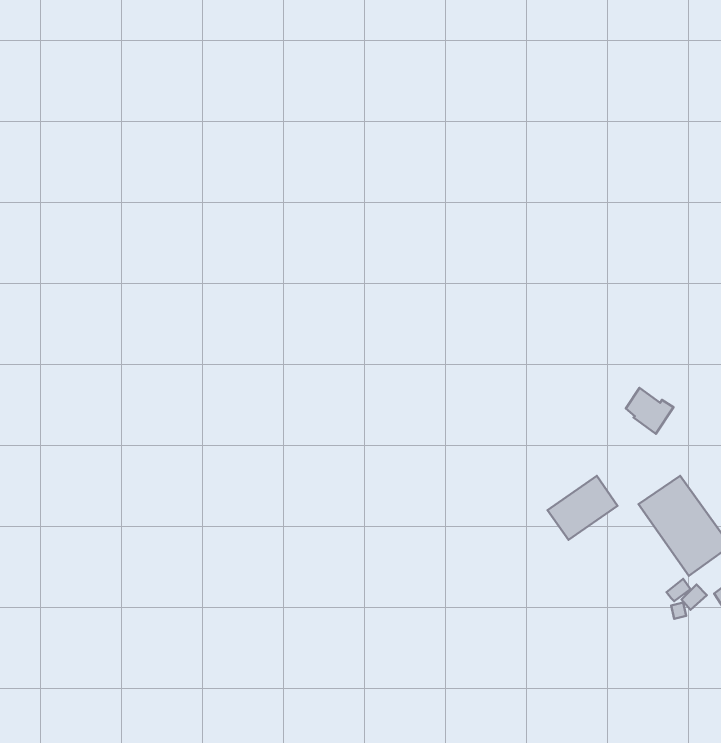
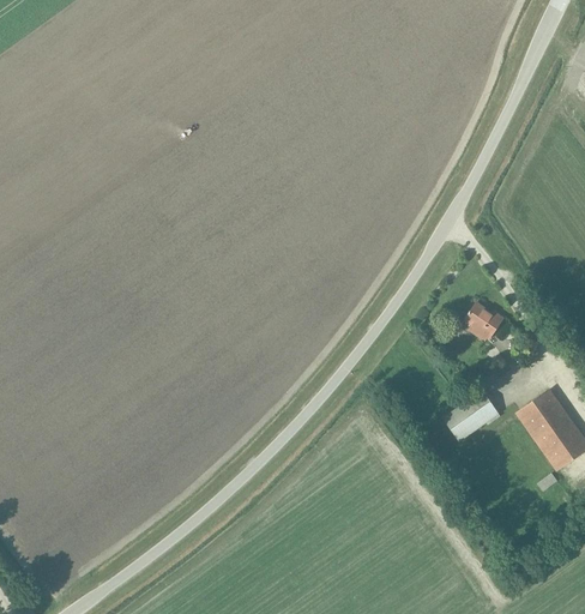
building: [626,388,674,434] -> [465,303,503,341]

